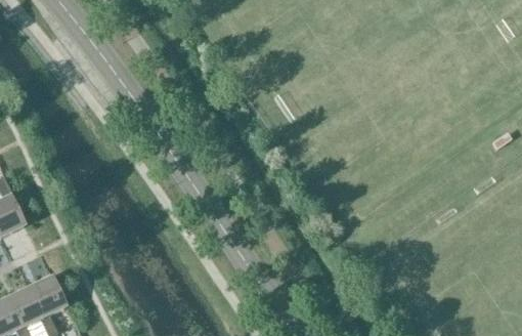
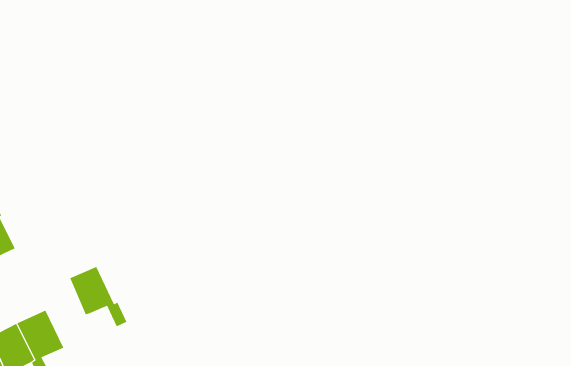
building: none -> [69,266,127,327]

